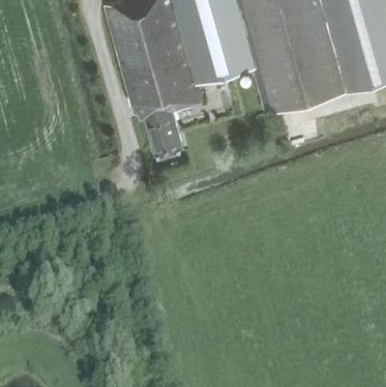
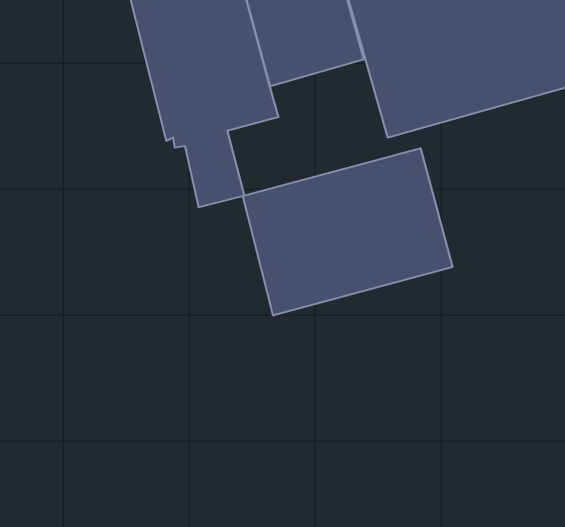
building: none -> [243,148,452,316]

